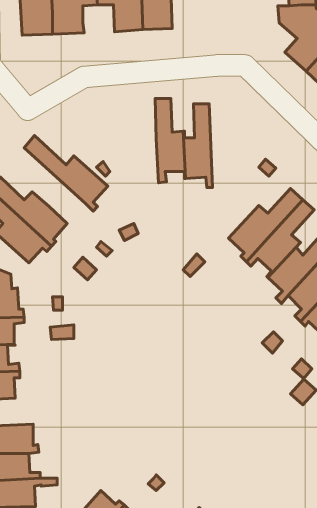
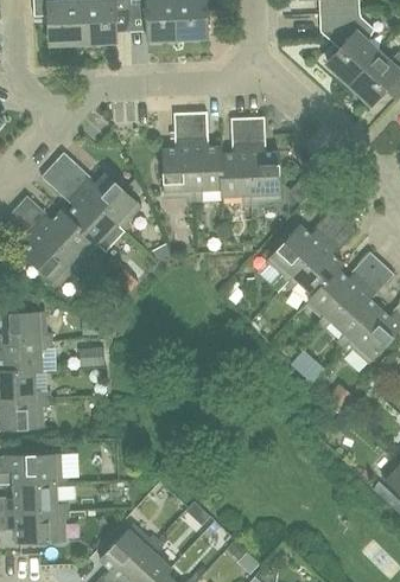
building: none -> [161,113,193,202]
building: none -> [247,117,280,206]
building: none -> [40,165,125,252]

